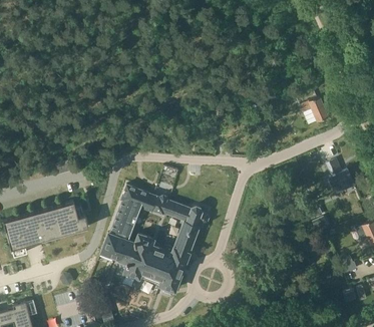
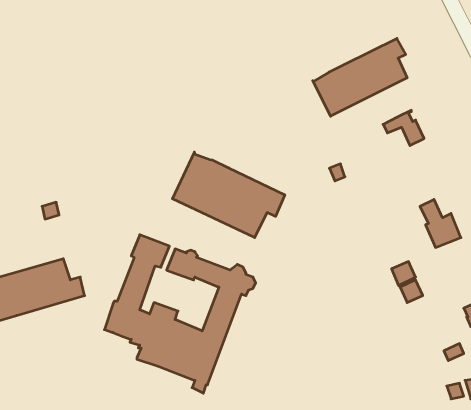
building: none -> [313,38,407,116]
building: none -> [172,152,285,238]

